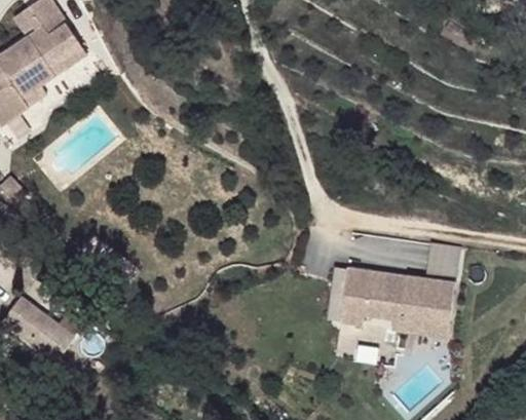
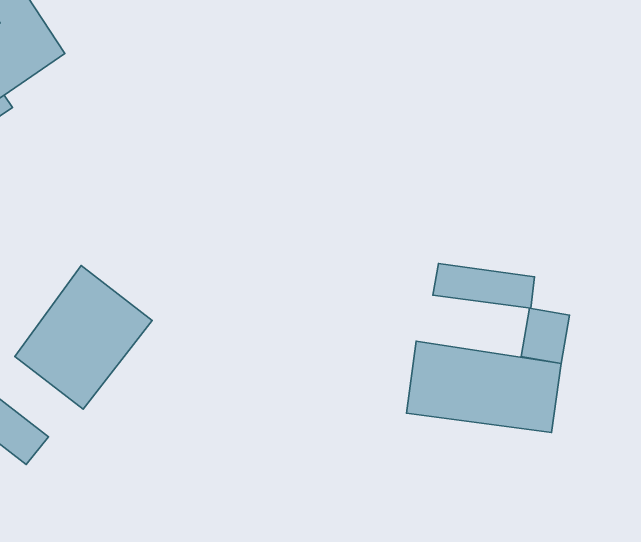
building: none -> [433,264,534,308]
building: none -> [15,265,152,409]

